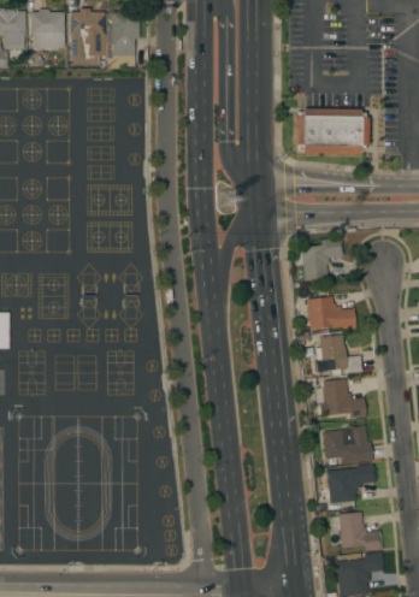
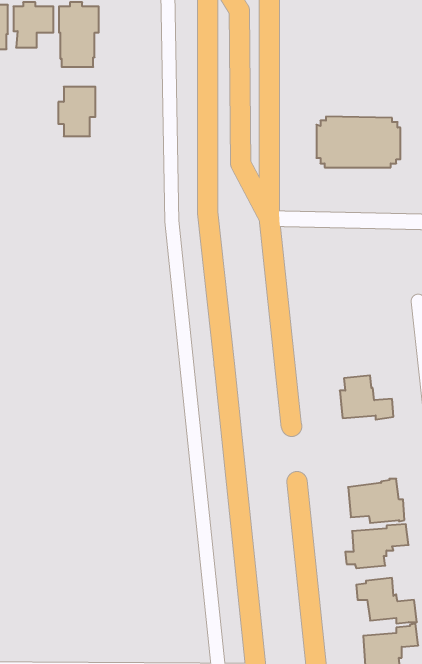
building: [107,12,140,55] -> [58,87,95,136]
building: [300,237,343,280] -> none
building: [306,296,356,330] -> none
building: [315,379,366,418] -> none

